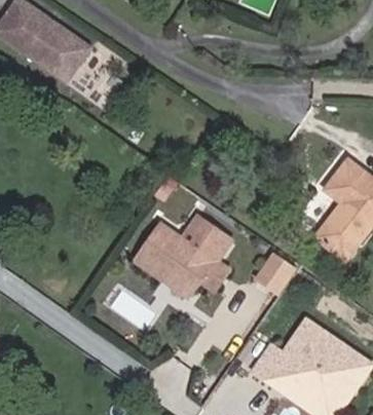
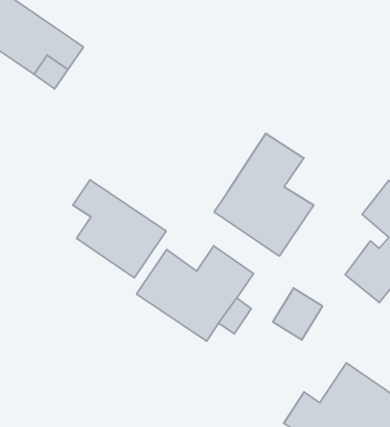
building: none -> [214,133,314,256]
building: none -> [73,180,166,278]

